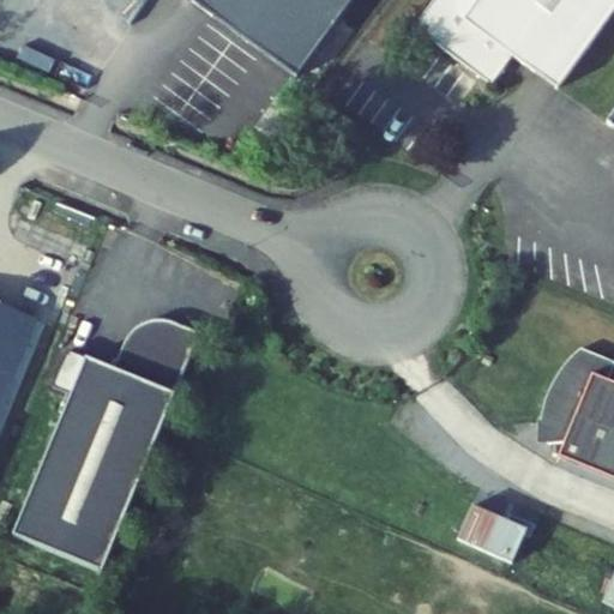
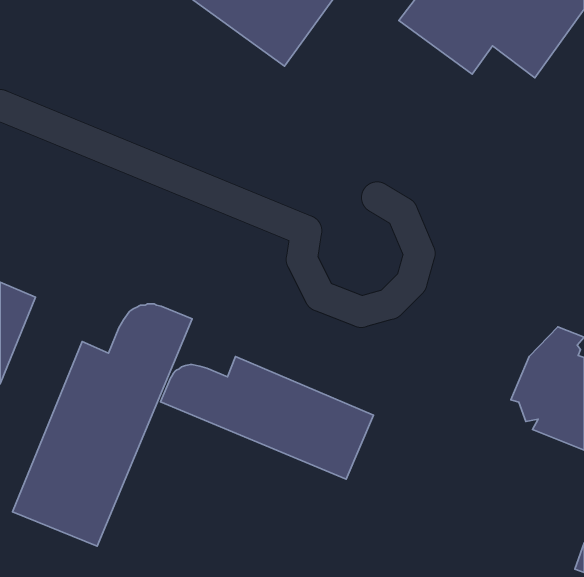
building: none -> [161,356,374,479]
building: [458,504,529,562] -> none

